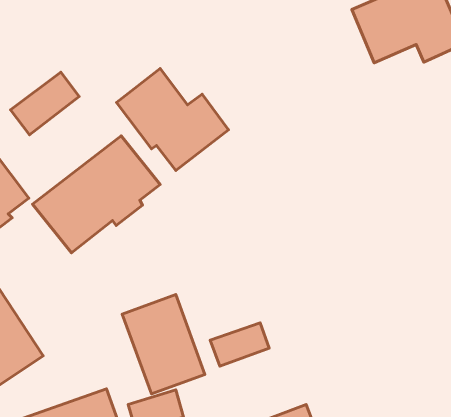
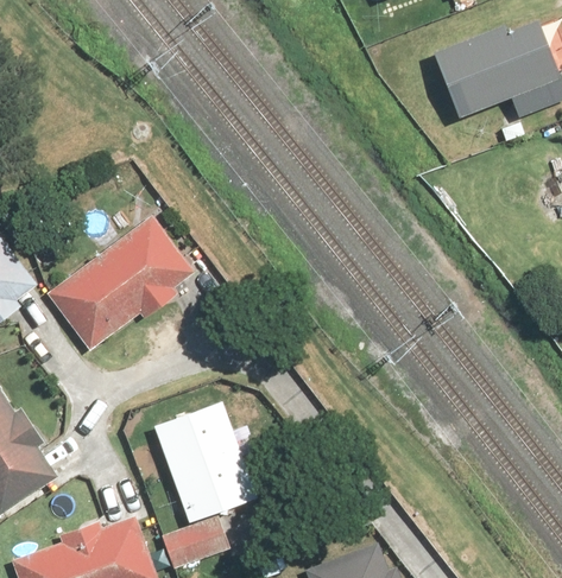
building: [117,69,229,171] -> none
building: [10,72,79,135] -> none
building: [210,323,269,366] -> none

